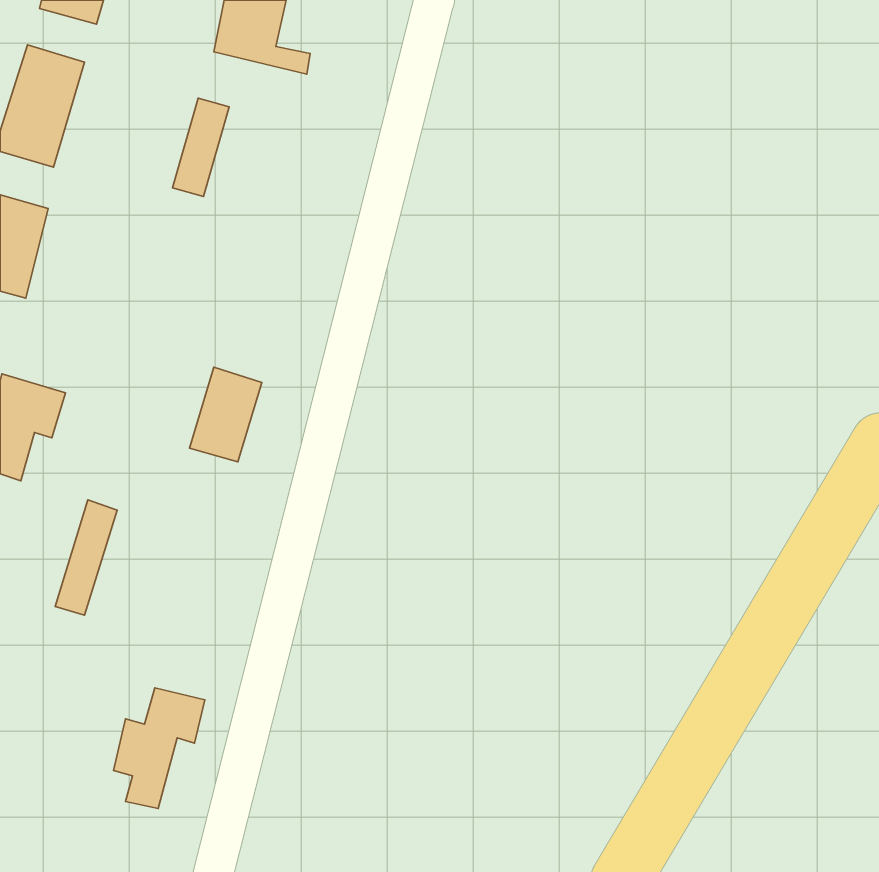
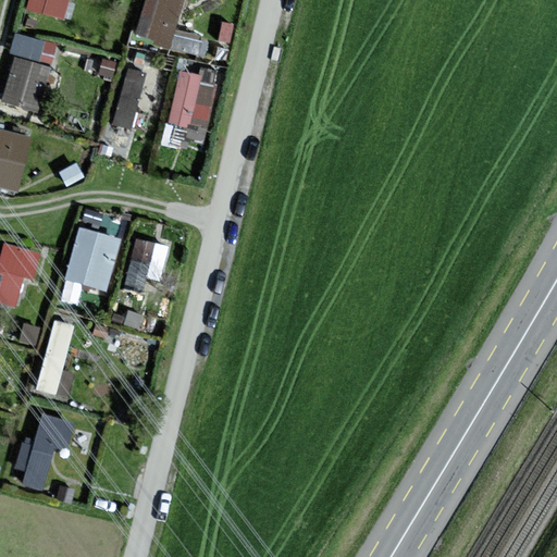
building: none -> [166,72,218,129]
building: none -> [59,225,122,304]
building: [114,688,205,809] -> [14,414,72,491]

